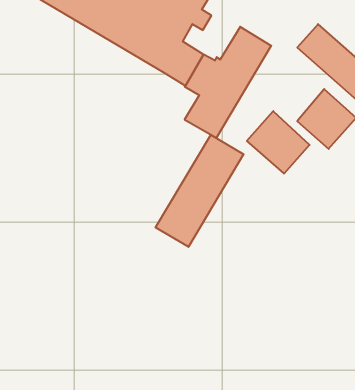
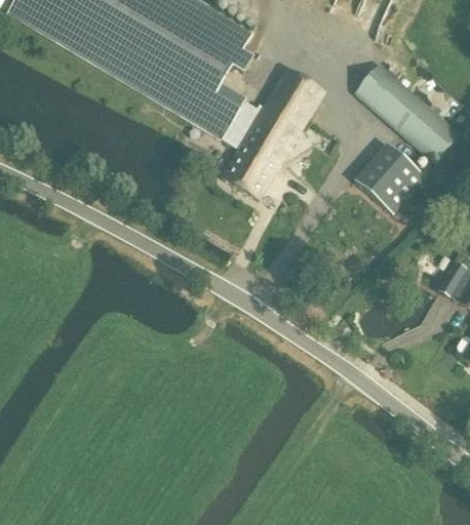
building: [247,111,310,174] -> none
building: [156,135,244,247] -> none

